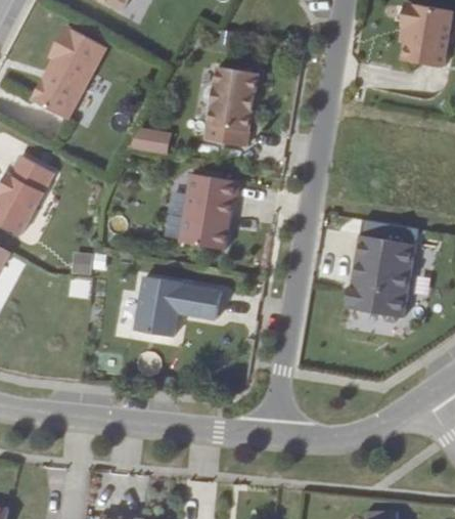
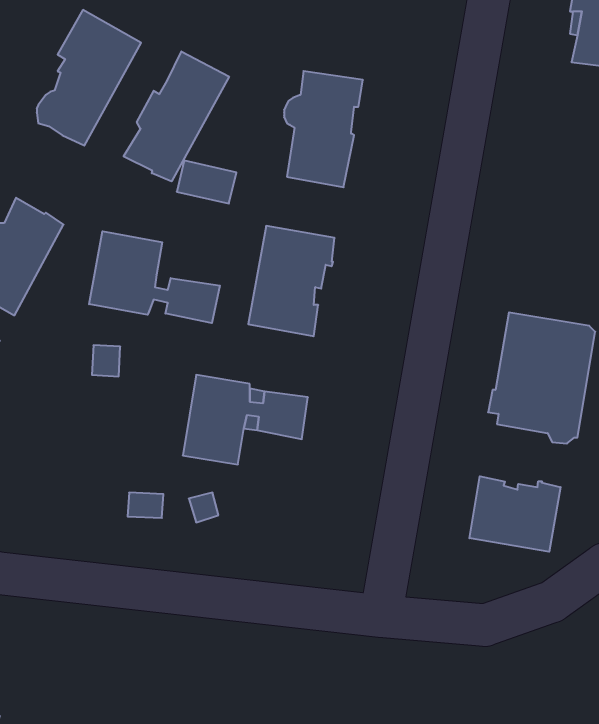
building: none -> [124,51,229,181]
building: none -> [89,231,220,323]
building: none -> [469,476,561,552]

